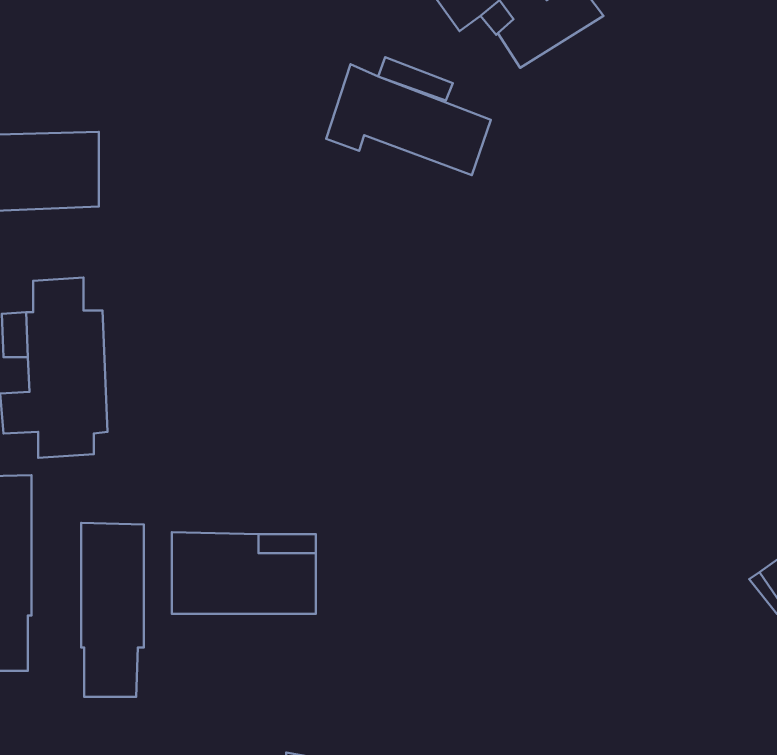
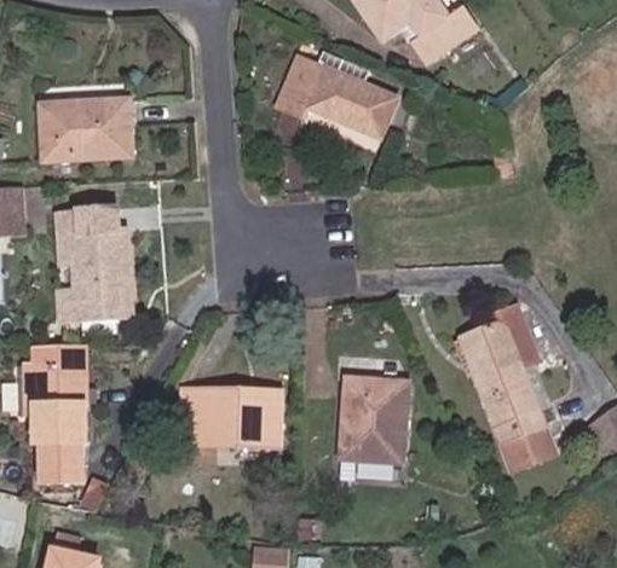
building: none -> [461,303,553,463]
building: none -> [340,378,405,462]
building: [81,523,144,697] -> none

